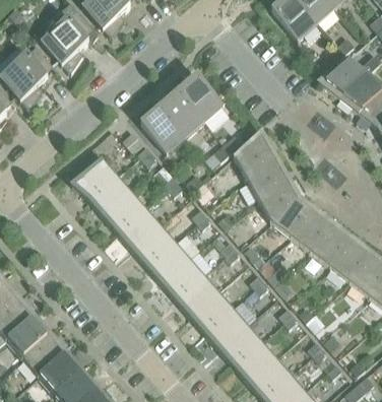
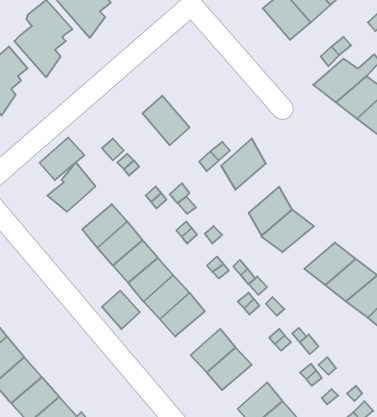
building: [178,75,222,121] -> none
building: [140,108,185,153] -> none
building: [246,154,286,200] -> none
building: [89,176,131,215] -> [40,138,84,180]
building: [290,212,338,252] -> none
building: none -> [102,291,140,329]
building: [190,291,232,332] -> none
building: [234,341,275,382] -> none

